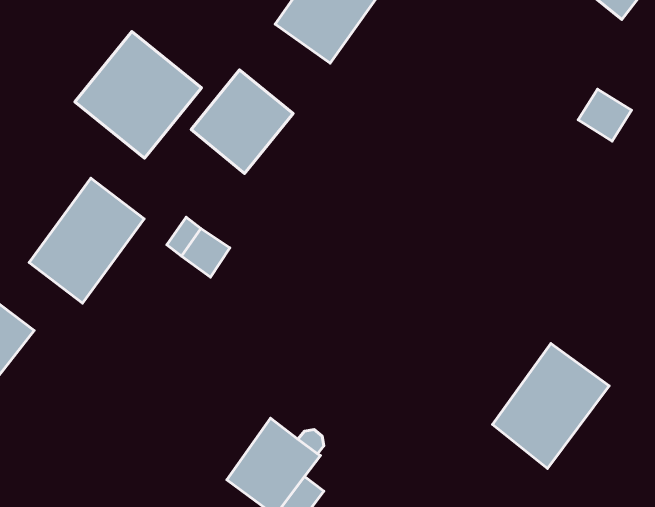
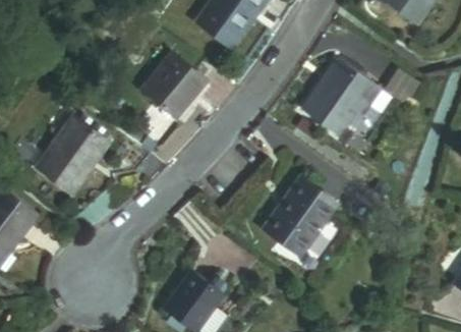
building: [75,32,202,158] -> none
building: none -> [301,57,374,133]
building: [492,344,609,468] -> [268,176,341,255]

